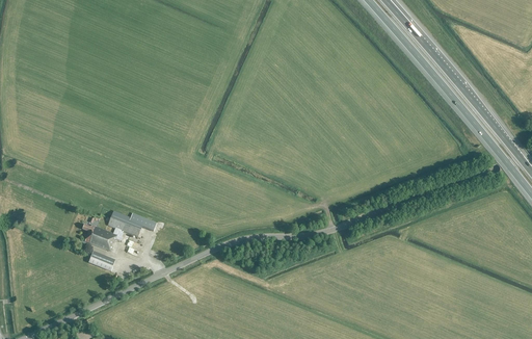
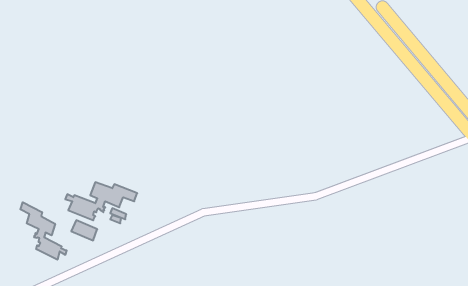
building: none -> [20,202,67,260]

